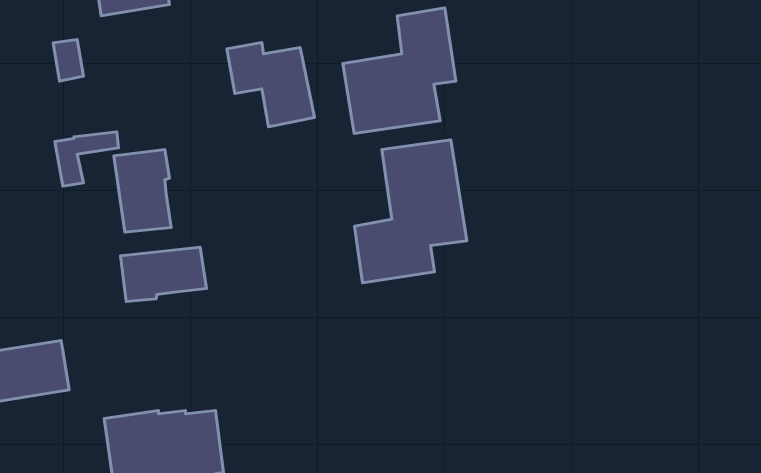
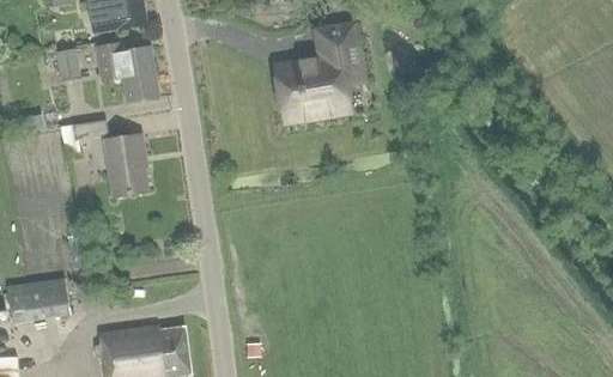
building: [227,43,314,127] -> [95,41,160,104]
building: [355,140,467,283] -> none
building: [120,247,206,302] -> none

